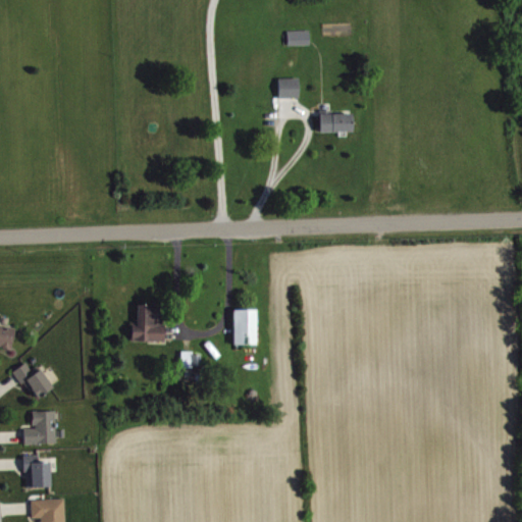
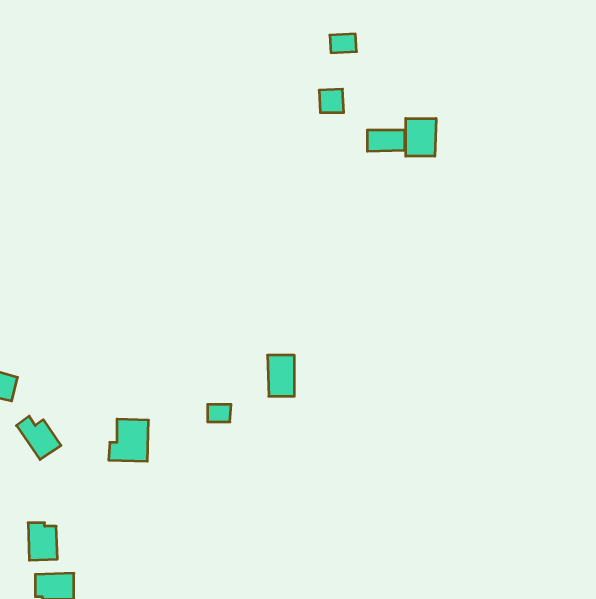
building: none -> [406,118,436,156]
building: [129,305,164,342] -> [109,419,149,461]
building: [23,410,56,443] -> none

